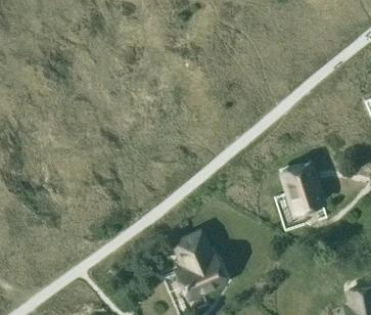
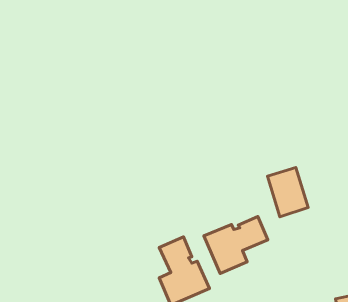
building: none -> [204,216,268,274]

